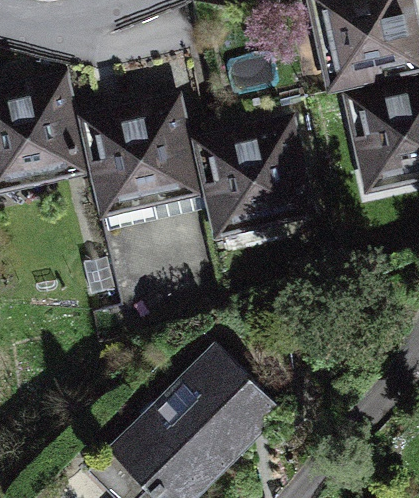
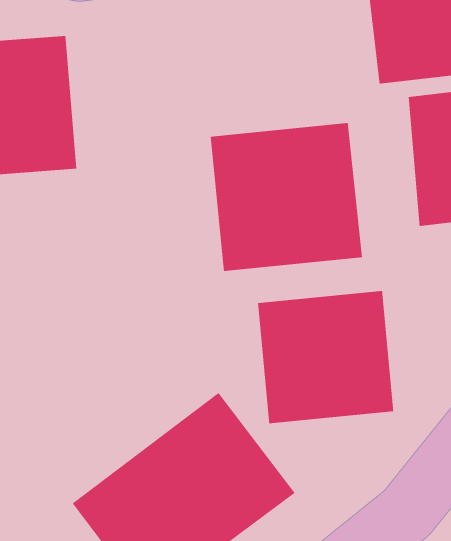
building: [78,89,201,217] -> none
building: none -> [258,290,394,424]

